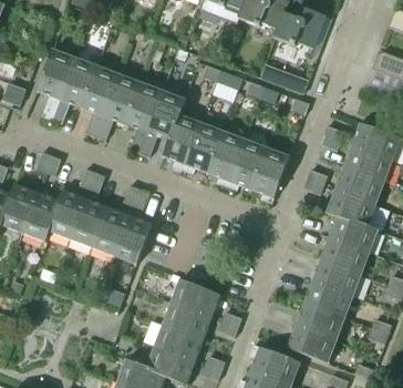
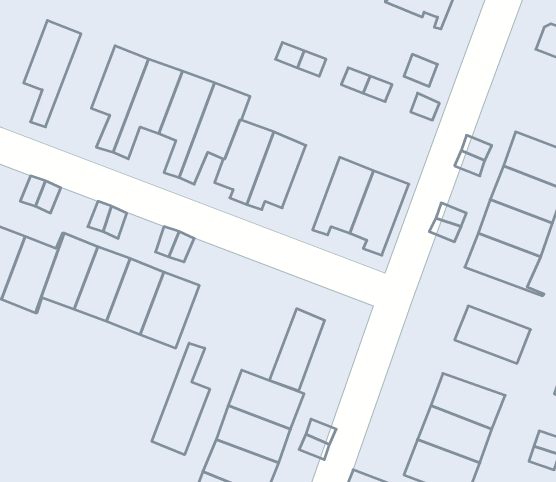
building: [51,58,96,123] -> none
building: [206,131,244,186] -> none
building: [326,211,376,252] -> none
building: none -> [270,309,325,391]
building: [311,258,360,295] -> none
building: none -> [152,343,210,455]

